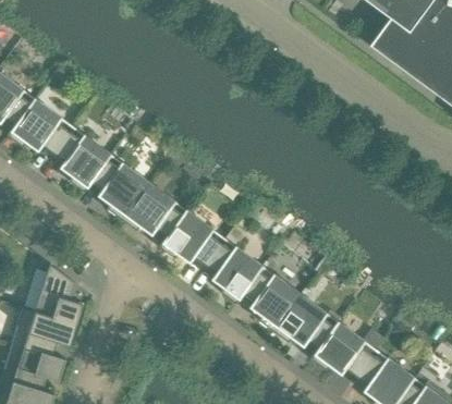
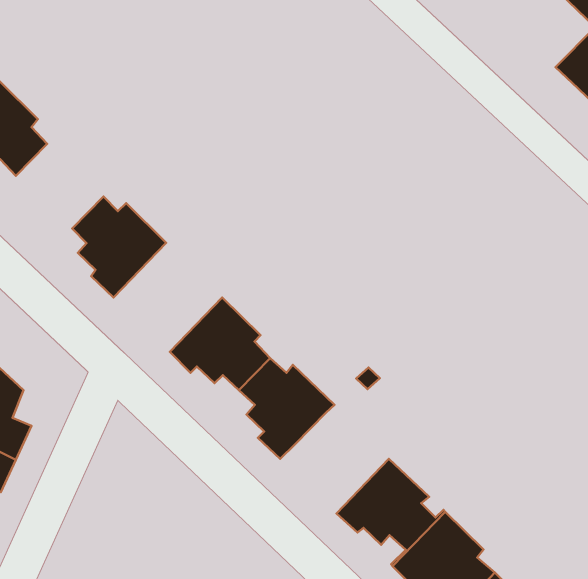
building: [54,132,112,192] -> none
building: [123,182,188,247] -> none
building: [244,271,302,331] -> none

